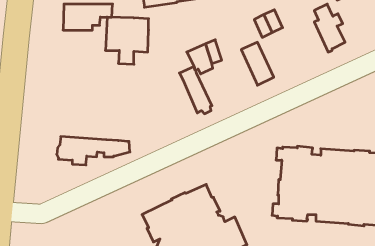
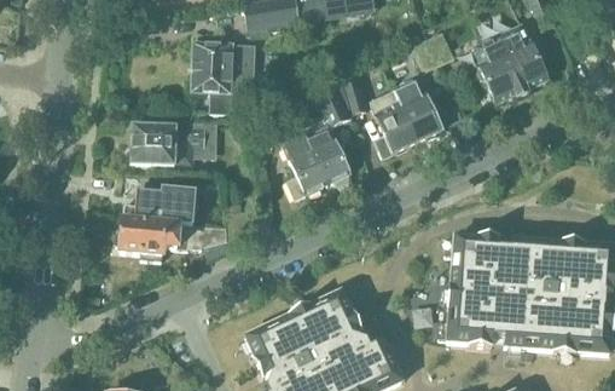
building: [63,4,113,30] -> [133,126,207,165]
building: none -> [471,31,523,103]
building: none -> [370,90,418,159]
building: none -> [275,116,329,197]
building: none -> [126,178,196,224]

